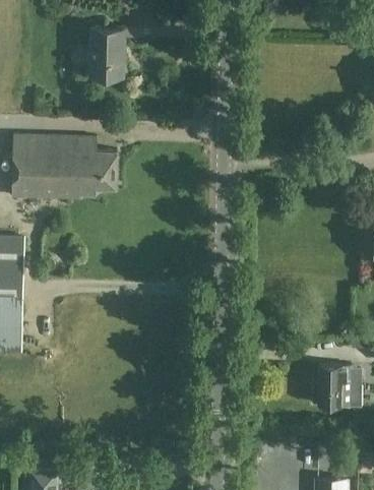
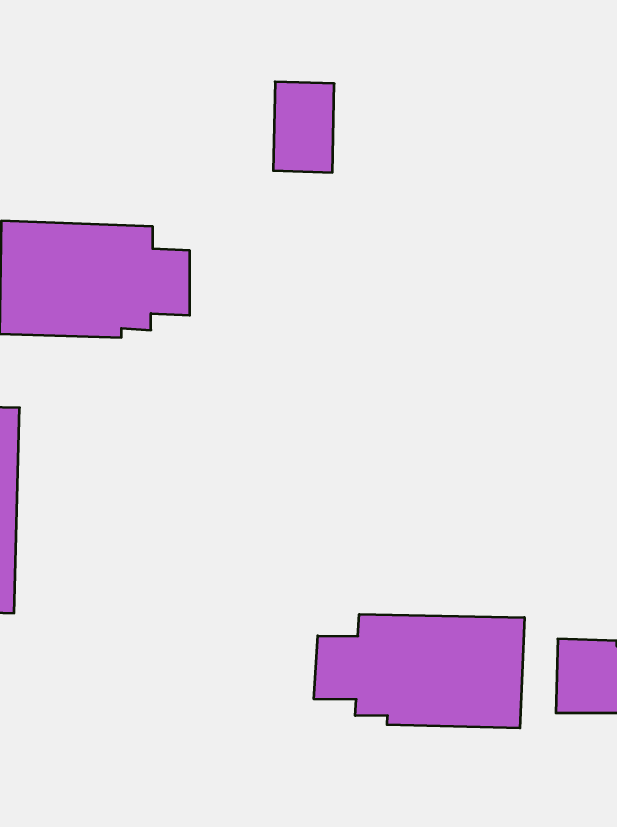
building: [90,26,124,76] -> [273,82,334,172]
building: none -> [314,614,524,728]

